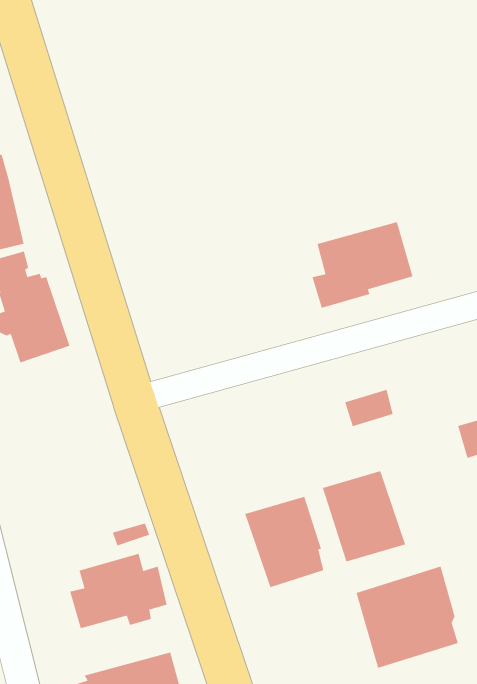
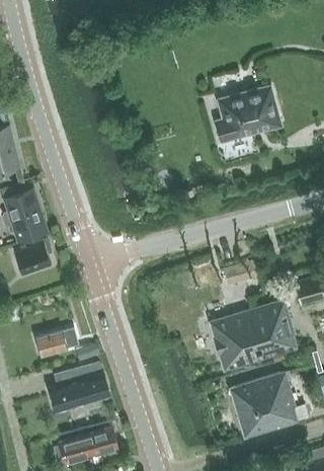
building: [312,221,413,309] -> [215,86,279,142]
building: none -> [16,238,52,271]
building: none -> [35,328,78,356]
building: [244,496,324,588] -> [246,301,297,360]

